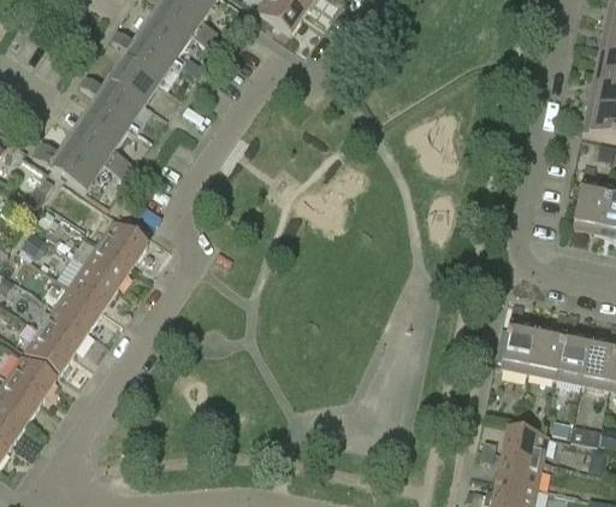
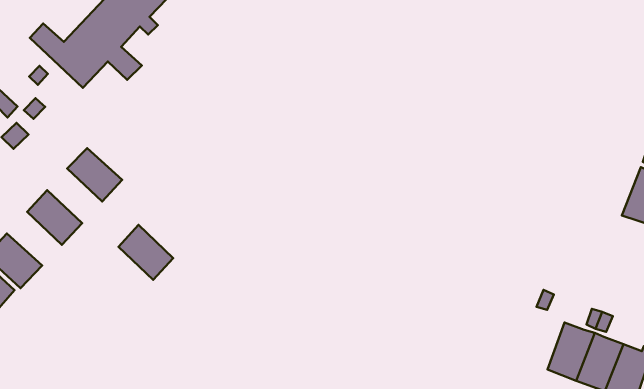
building: [97,220,148,266] -> none
building: [69,264,118,309] -> [118,225,173,280]
building: [40,307,89,352] -> none
building: [500,323,537,372] -> none

